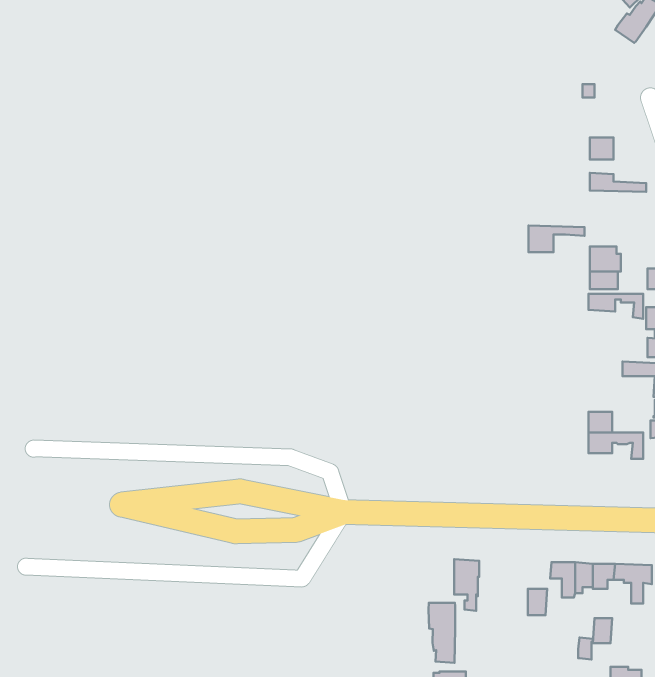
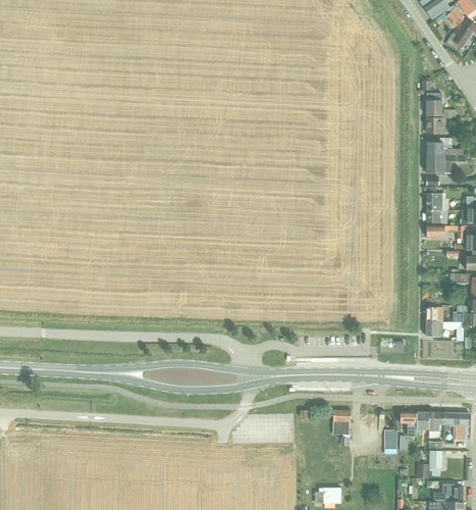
building: none -> [427,93,456,117]
building: [528,226,584,252] -> [427,154,466,172]
building: [429,603,455,663] -> none

